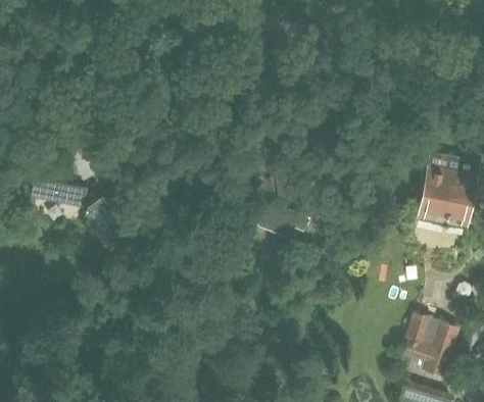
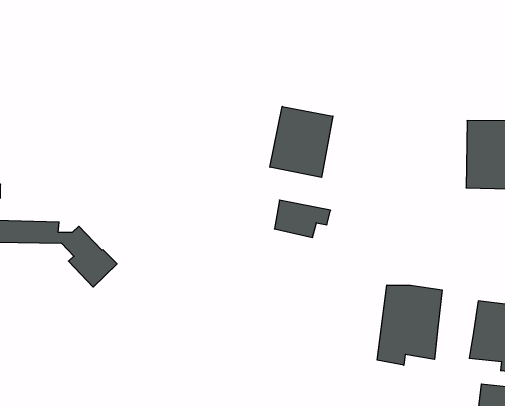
building: none -> [270,106,333,177]
building: none -> [377,285,442,365]

